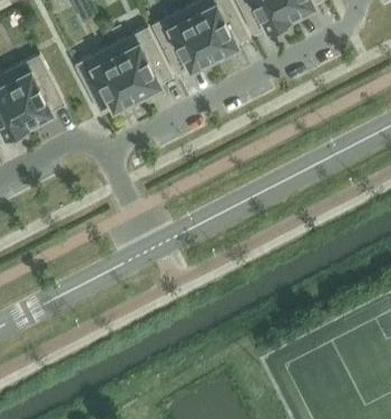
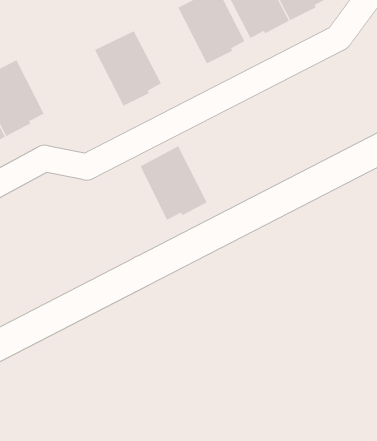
building: [151,9,214,78] -> none
building: [75,48,137,117] -> [140,146,208,221]

